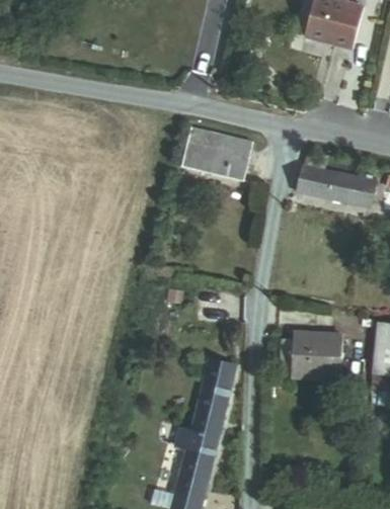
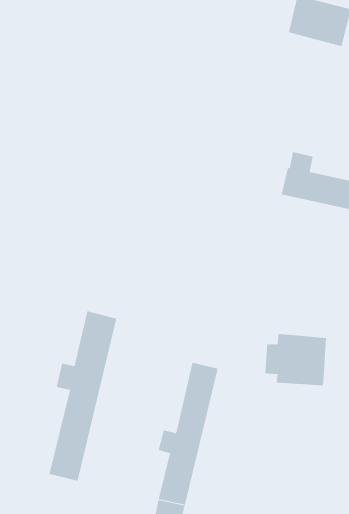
building: [183,129,253,179] -> none
building: none -> [49,310,117,482]

